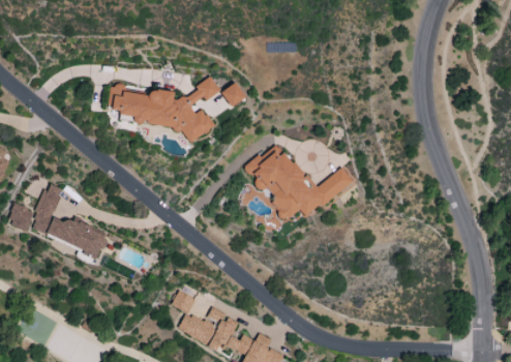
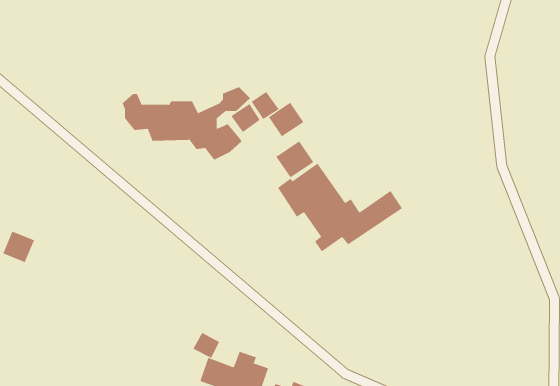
building: none -> [268,102,304,137]
building: none -> [276,141,314,178]
building: [30,183,108,257] -> none

